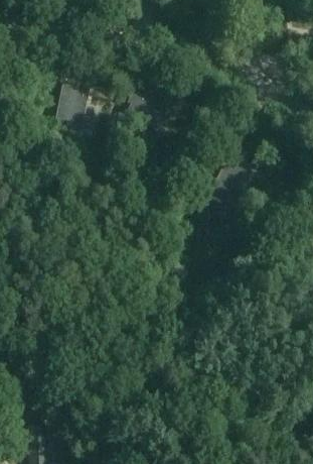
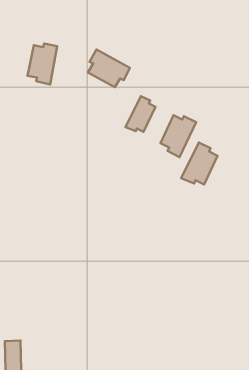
building: none -> [126,96,155,132]
building: none -> [181,143,218,184]

